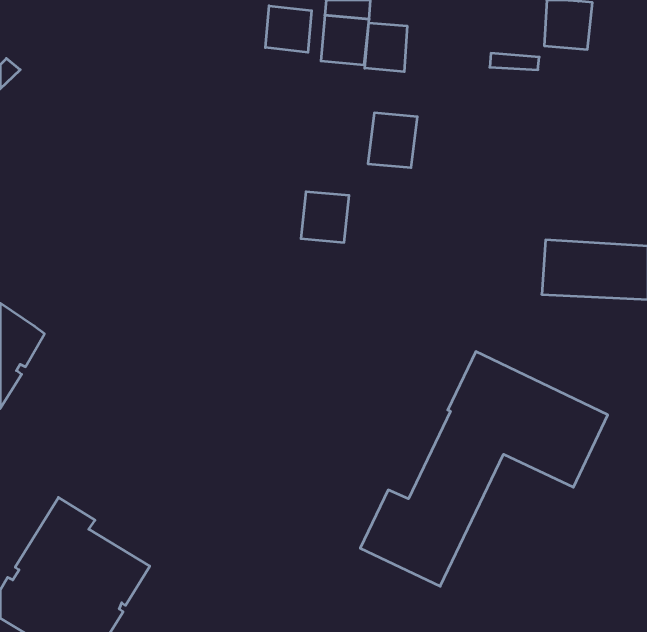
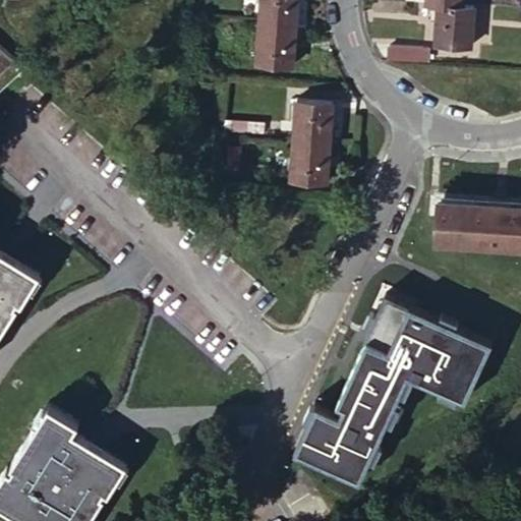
building: [265,6,312,52] -> none
building: [365,23,407,72] -> none
building: [301,192,349,242] -> [292,144,331,185]

